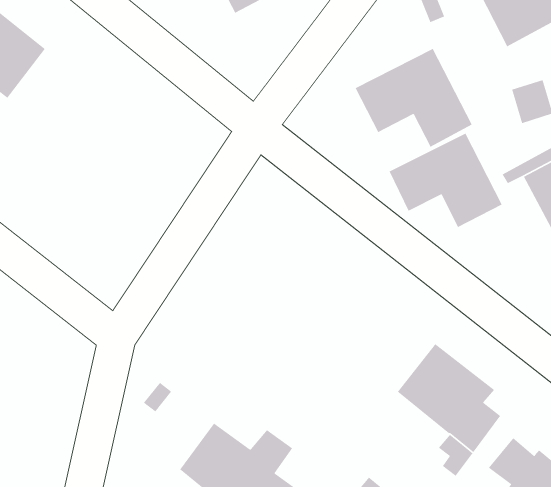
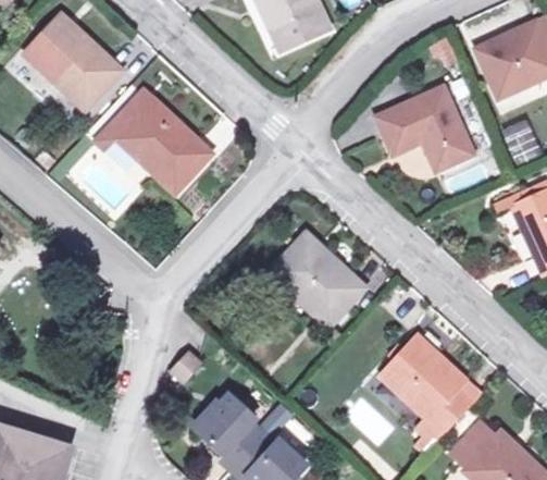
building: none -> [103,86,209,190]
building: [388,132,503,228] -> none
building: none -> [276,236,365,325]

